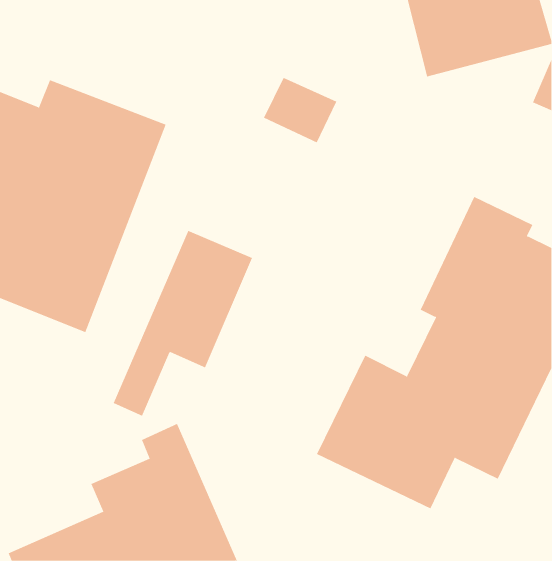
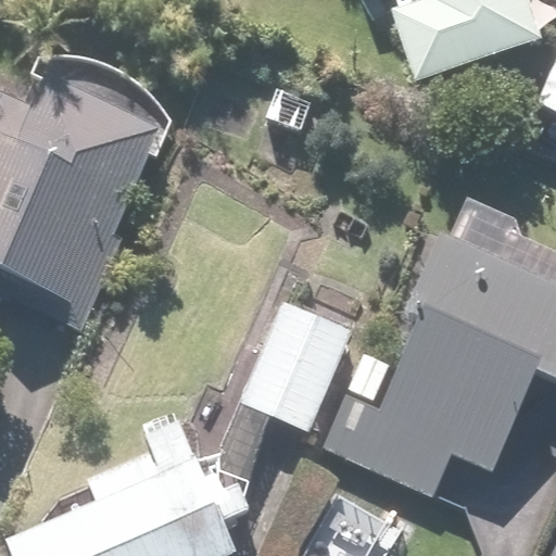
building: [113,230,253,417] -> [214,296,352,480]

